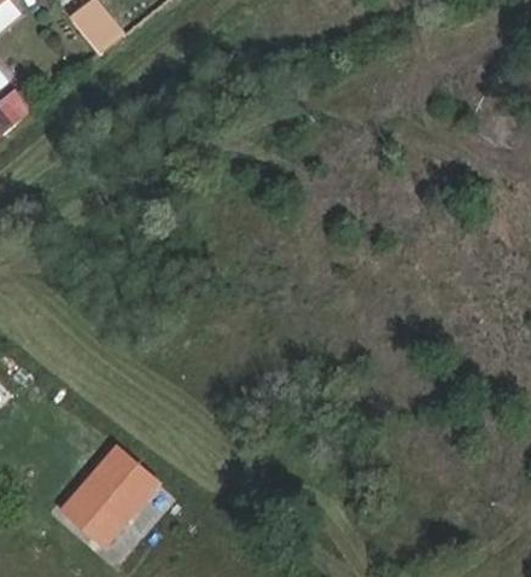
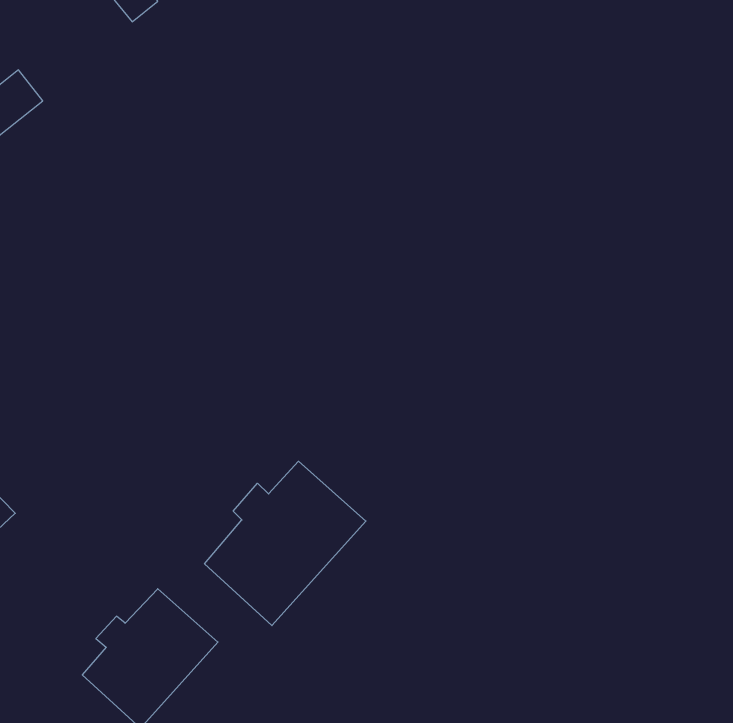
building: none -> [205,461,366,626]

